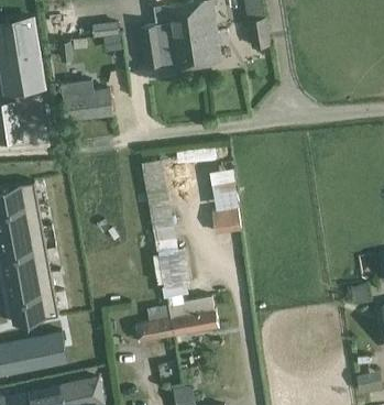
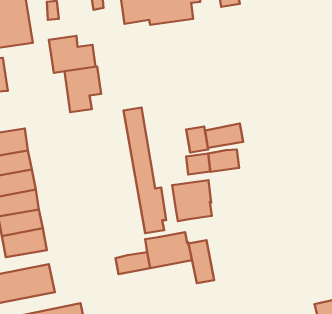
building: none -> [64,66,101,112]
building: none -> [205,124,243,148]
building: none -> [208,150,239,172]
building: none -> [172,180,212,221]
building: none -> [189,240,214,283]

